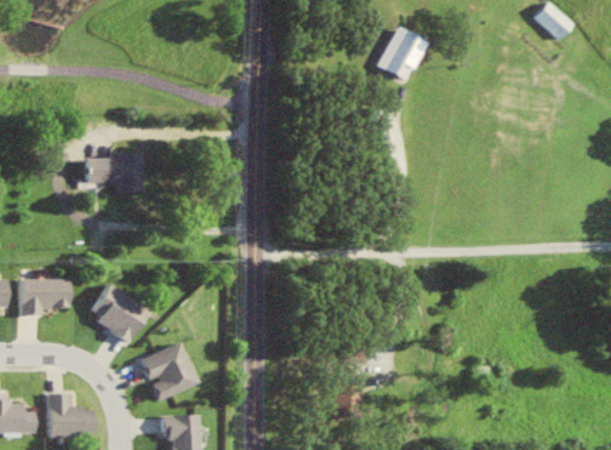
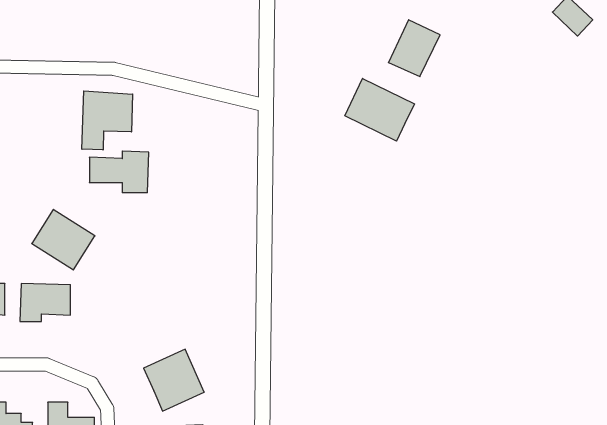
building: none -> [345,78,414,141]
building: none -> [82,91,133,150]
building: [90,284,150,342] -> [32,209,95,270]

